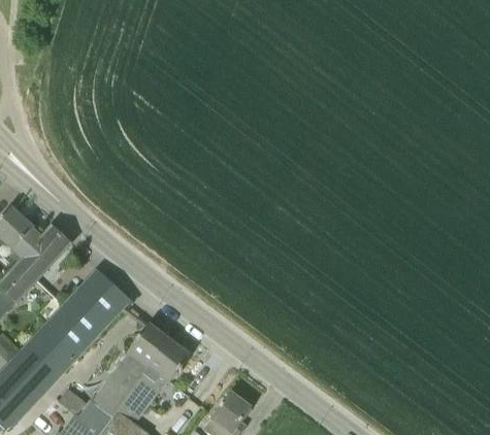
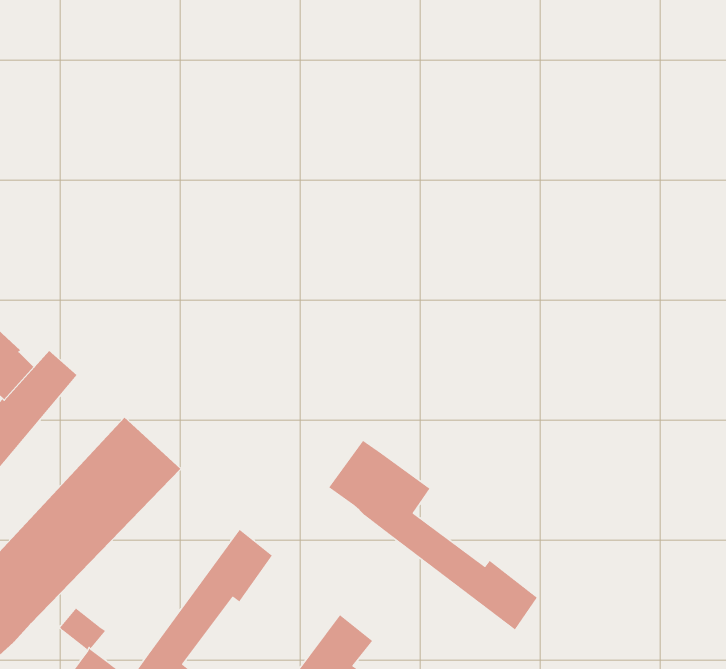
building: none -> [328,440,538,631]
building: [91,324,168,415] -> none

